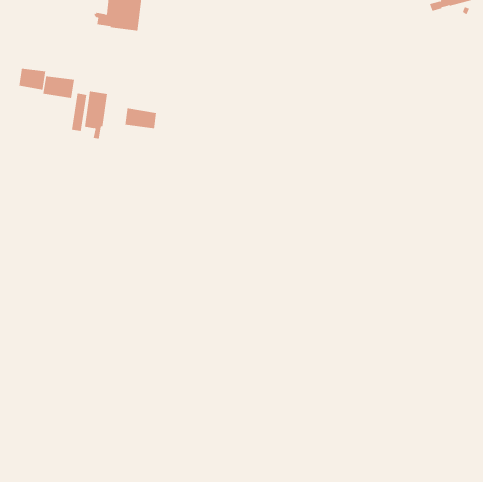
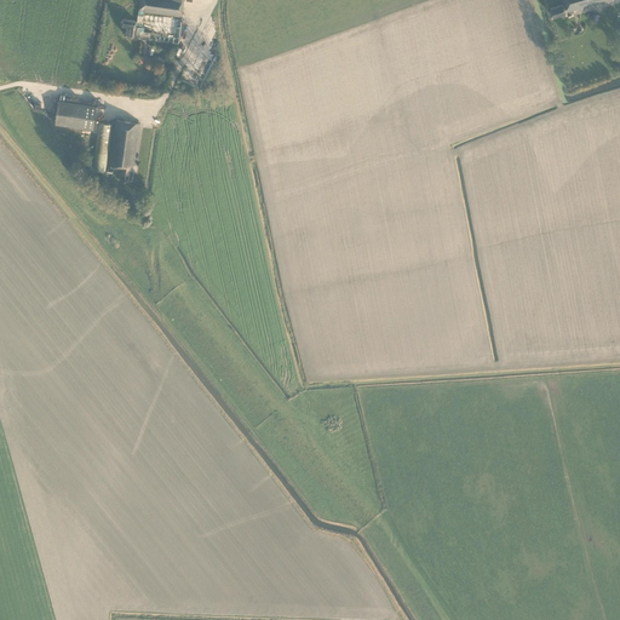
building: [19,68,46,90] -> none
building: [125,108,157,129] -> none

